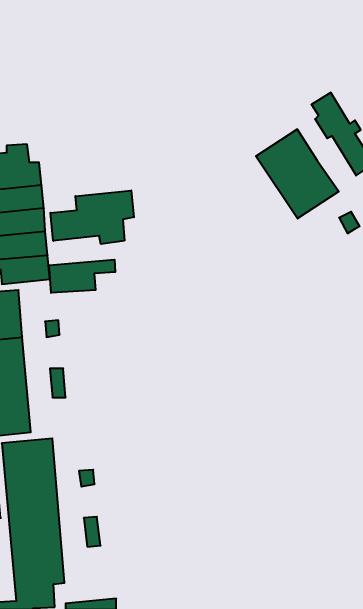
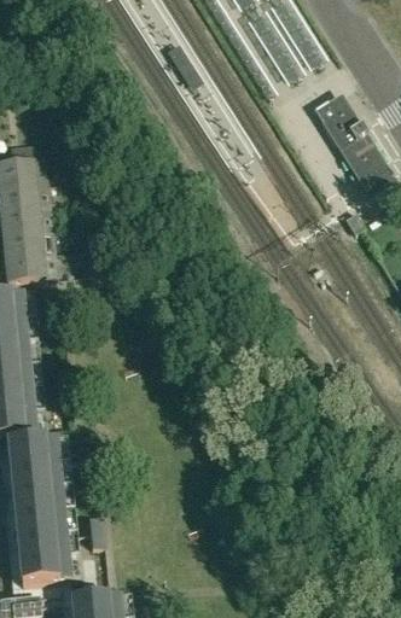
building: [256,129,339,219] -> none
building: [50,190,134,244] -> none
building: [49,260,115,293] -> none

